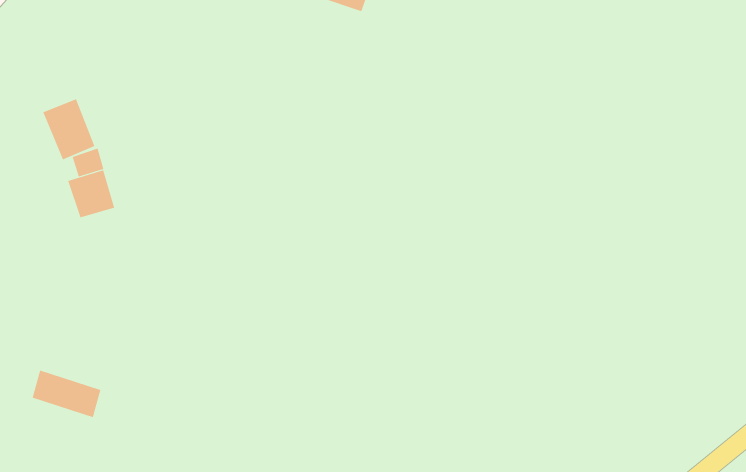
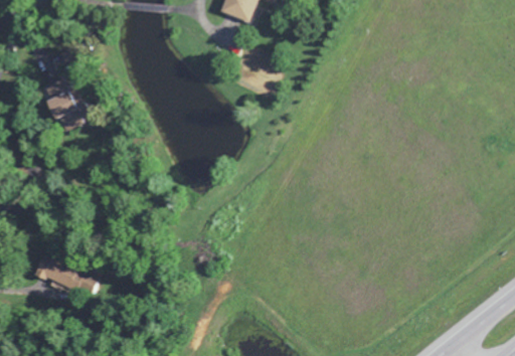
building: [67,170,115,218] -> none

